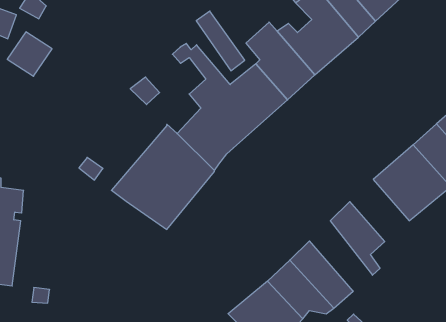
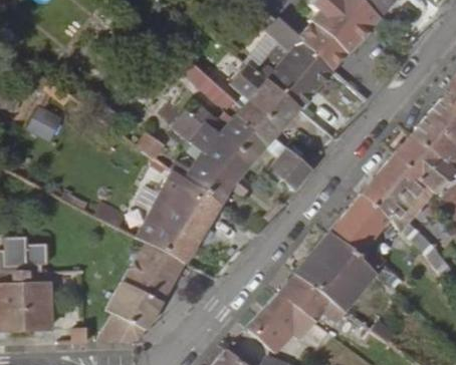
building: none -> [270,147,314,190]
building: none -> [343,195,404,249]
building: none -> [96,242,185,340]
building: none -> [311,236,371,295]

